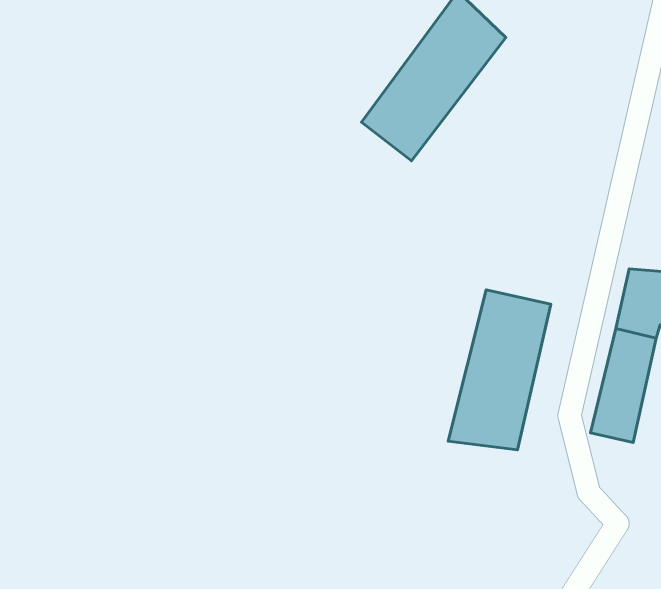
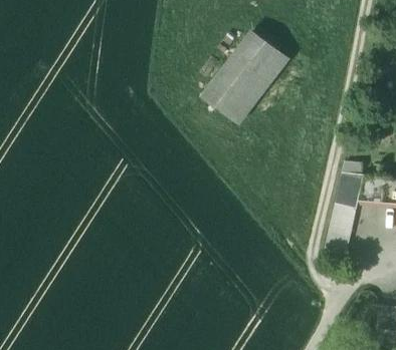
building: [448,290,551,450] -> none

